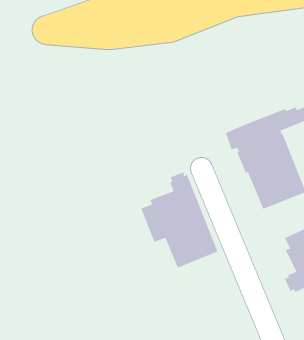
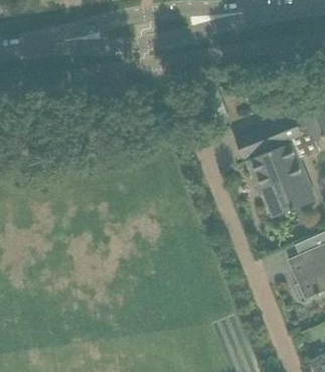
building: [140,172,218,268] -> none

